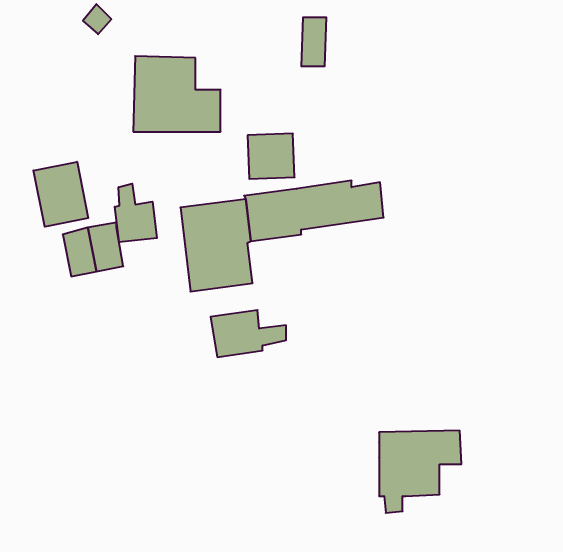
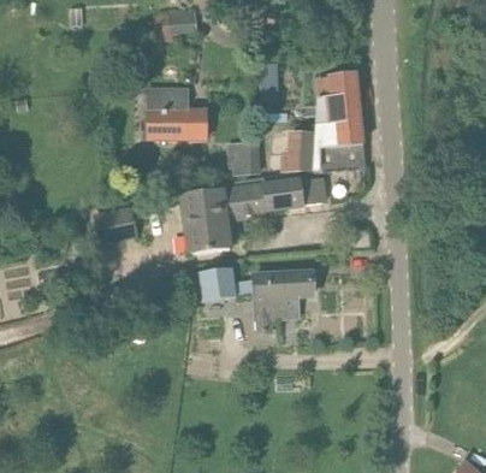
building: none -> [279,71,366,171]
building: [33,162,88,227] -> none
building: [115,184,157,242] -> none
building: [379,431,461,513] -> [254,270,313,329]

